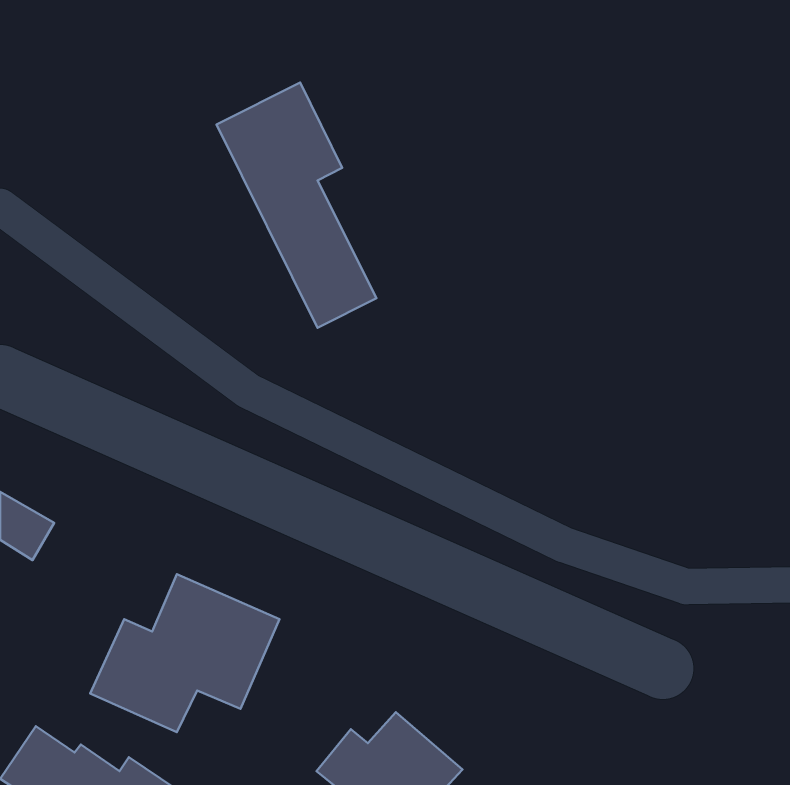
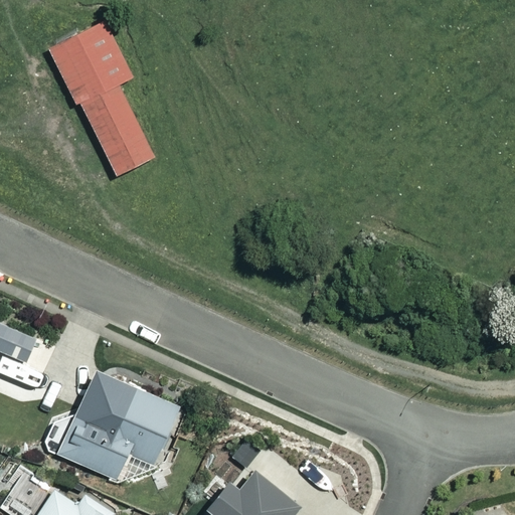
building: [216,83,376,328] -> [47,21,151,180]

